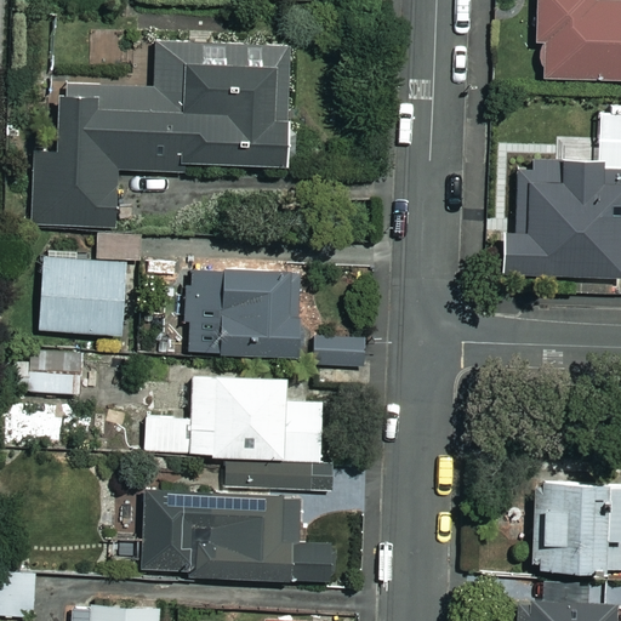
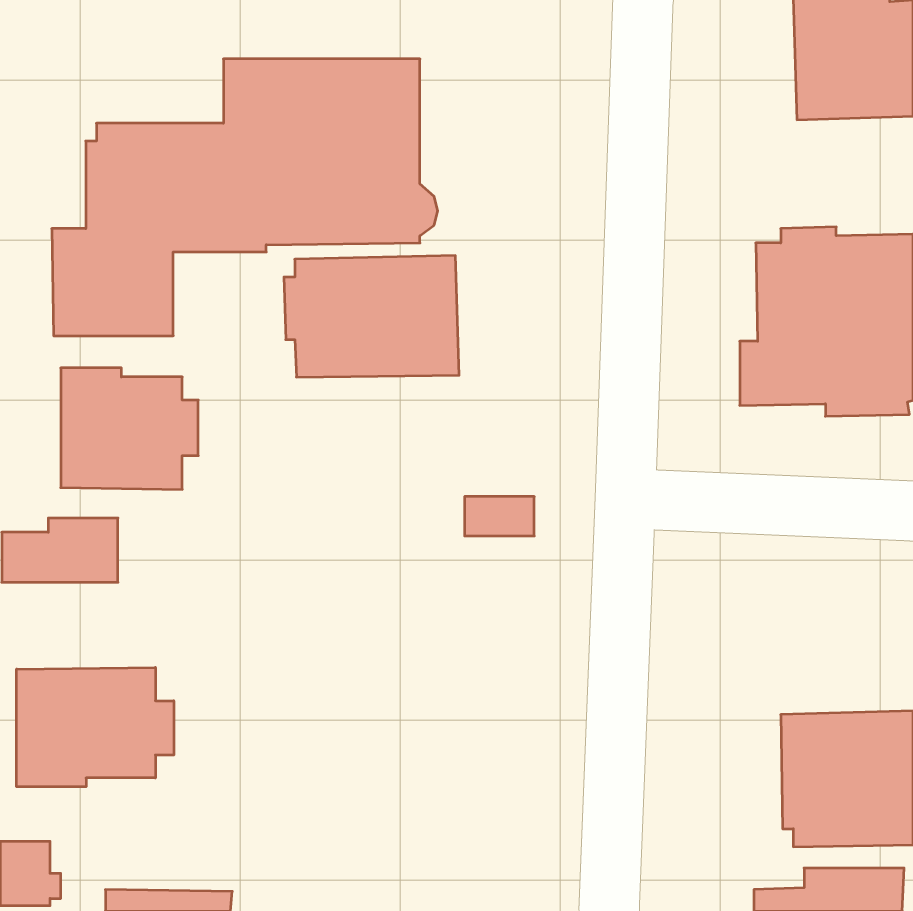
building: [183,272,302,354] -> [284,256,459,377]
building: [131,369,323,483] -> none
building: none -> [17,667,174,787]
building: [142,492,334,583] -> none

